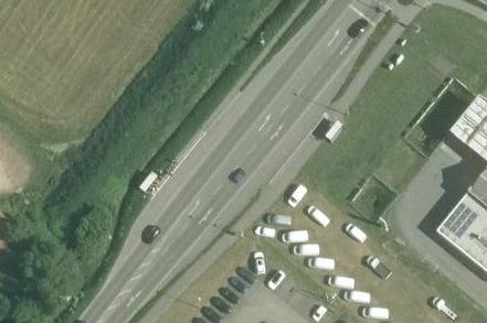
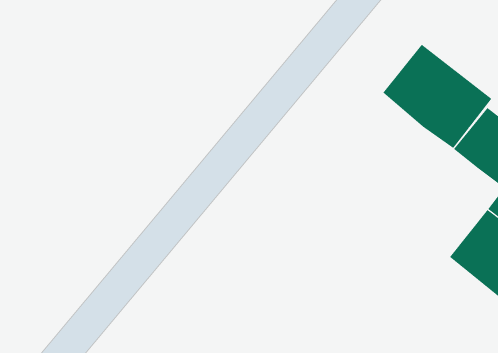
building: none -> [383,44,492,149]

